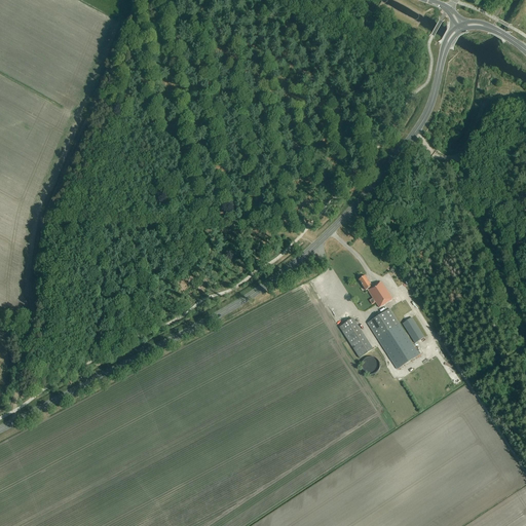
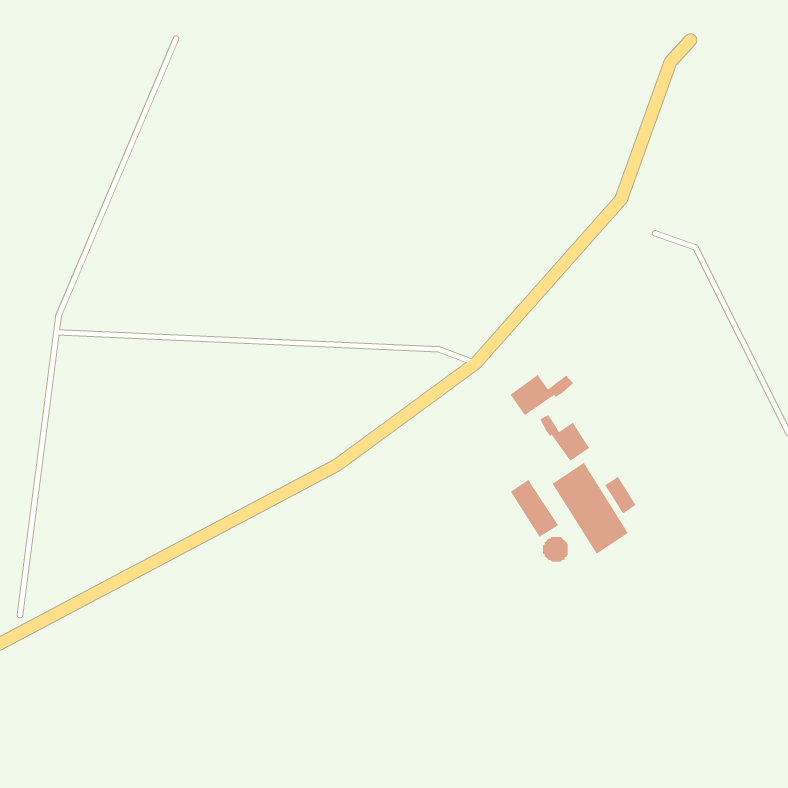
building: none -> [510,374,574,416]

